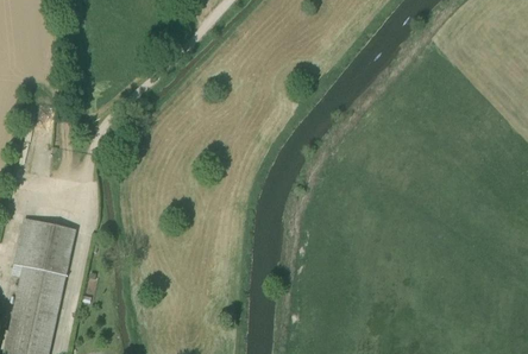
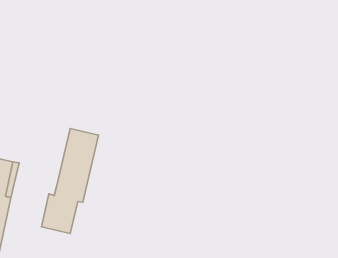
building: none -> [42,128,99,233]

